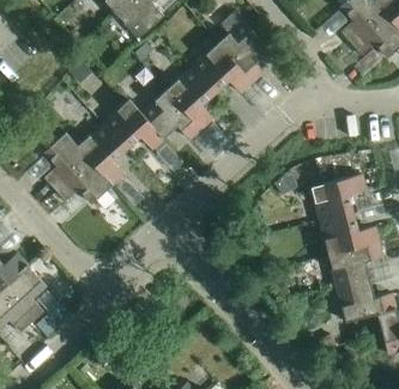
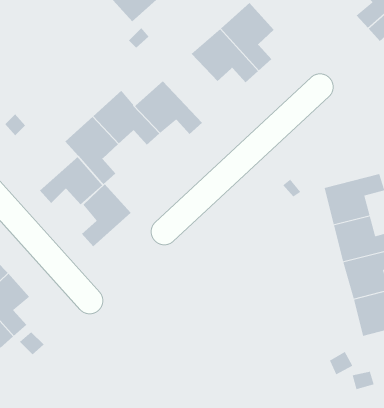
building: [167,66,216,128] -> none
building: [44,132,90,189] -> [81,184,132,247]

